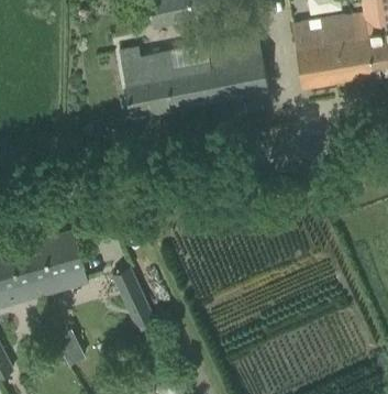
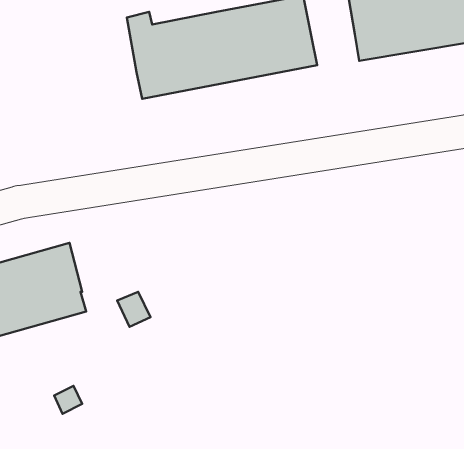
building: [122,287,152,325] -> none

